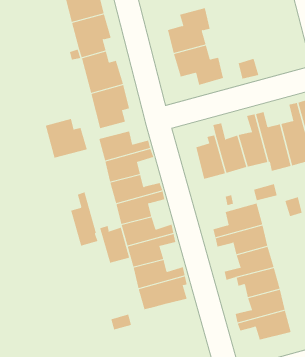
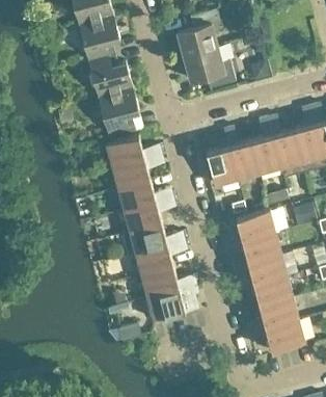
building: [45,118,87,158] -> none
building: [70,191,98,247] -> none
building: [100,225,130,263] -> none

